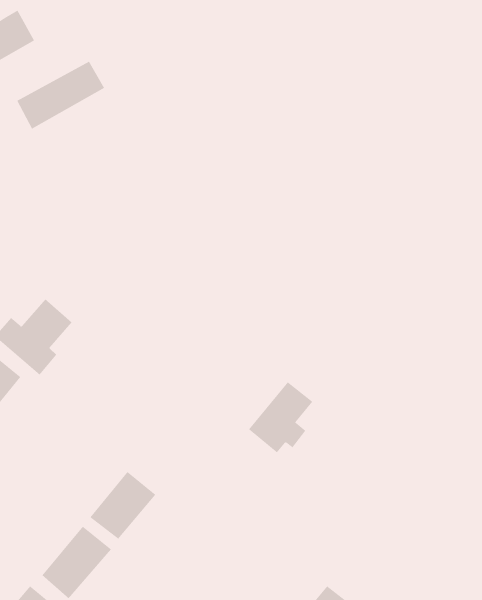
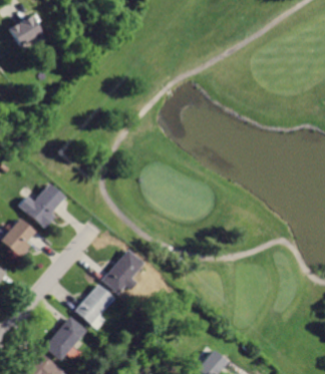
building: [17,61,105,129] -> none
building: [248,381,313,453] -> [103,251,141,293]

